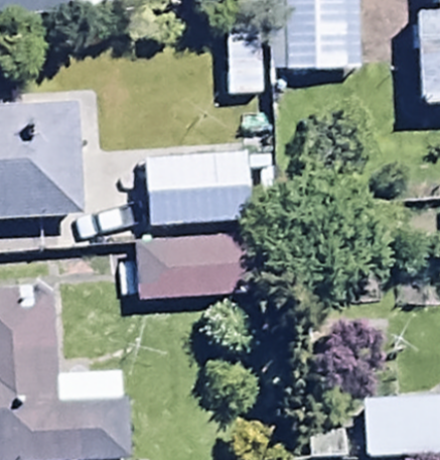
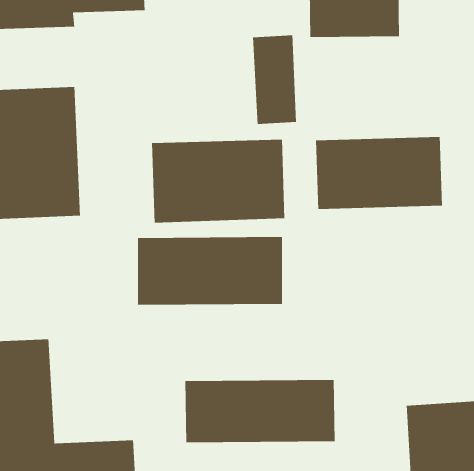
building: none -> [315,136,443,210]
building: none -> [184,379,336,443]

